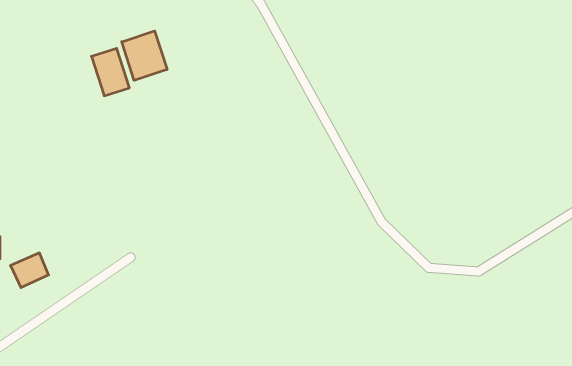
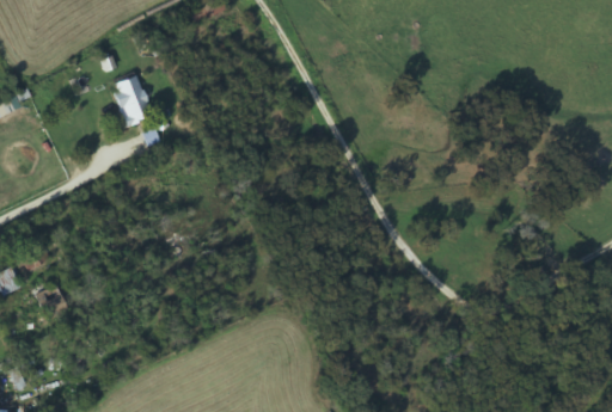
building: [122,31,167,80] -> none

